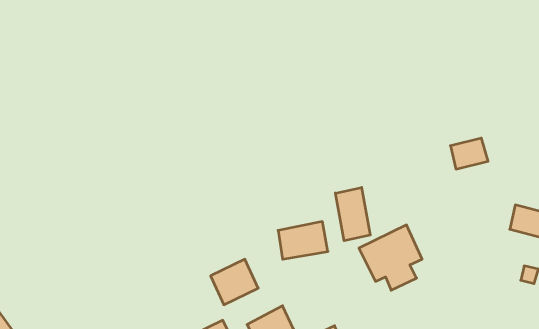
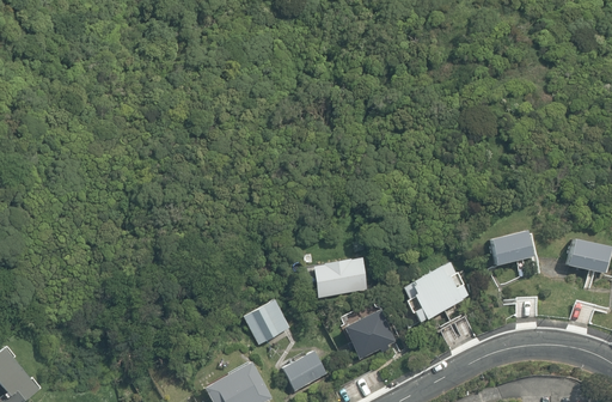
building: [450,138,488,169] -> [489,231,530,264]
building: [335,187,370,241] -> none
building: none -> [344,307,398,358]

